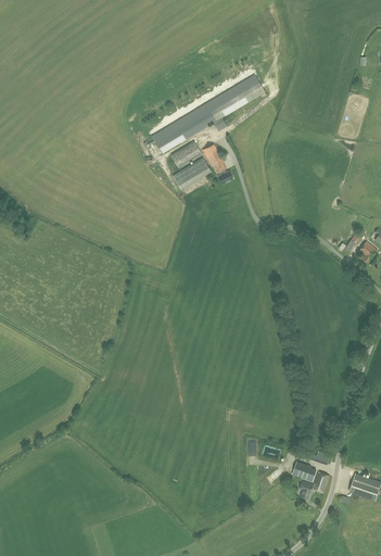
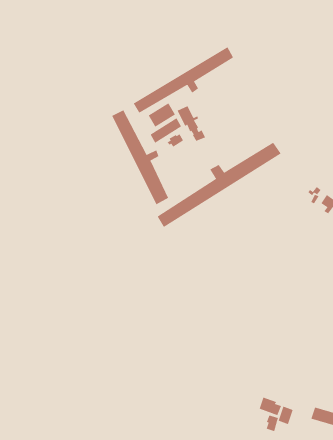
building: none -> [111,110,169,205]
building: none -> [157,142,281,228]

